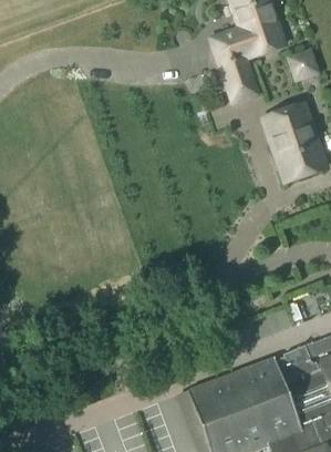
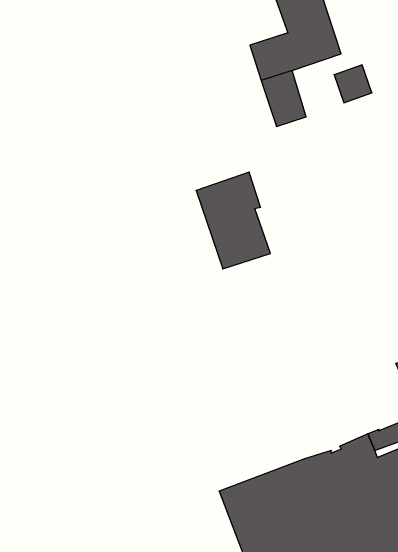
building: [263,103,322,179] -> [196,172,270,269]

